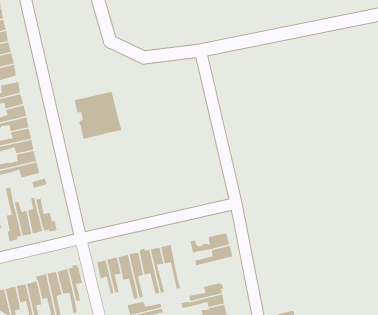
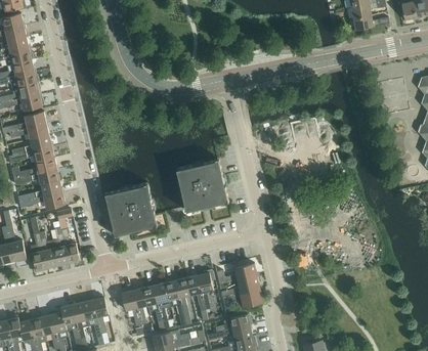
building: [74,91,122,140] -> [106,185,156,234]
building: none -> [178,161,227,210]
building: none -> [198,270,215,310]
building: none -> [222,289,263,313]

